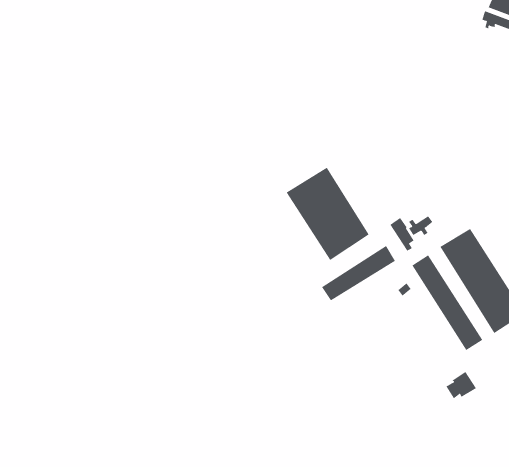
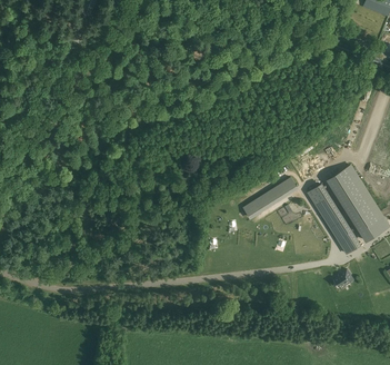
building: [286,167,369,261] -> none

